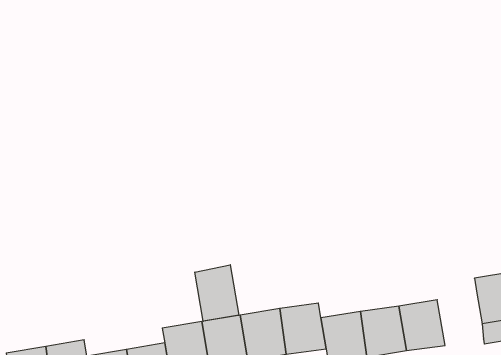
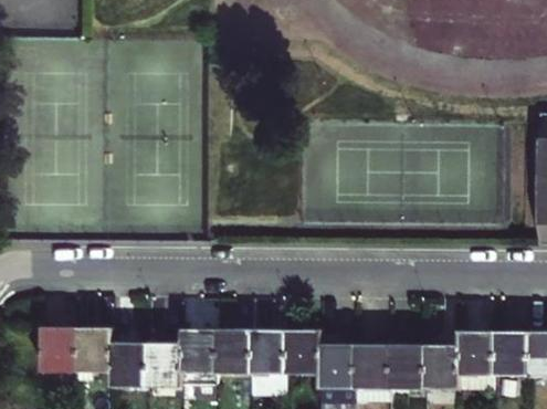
building: [195,265,239,321] -> none
building: none -> [427,346,462,387]

